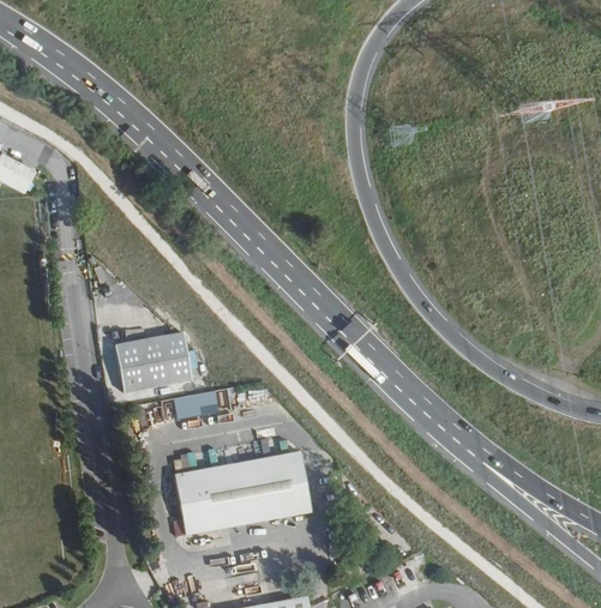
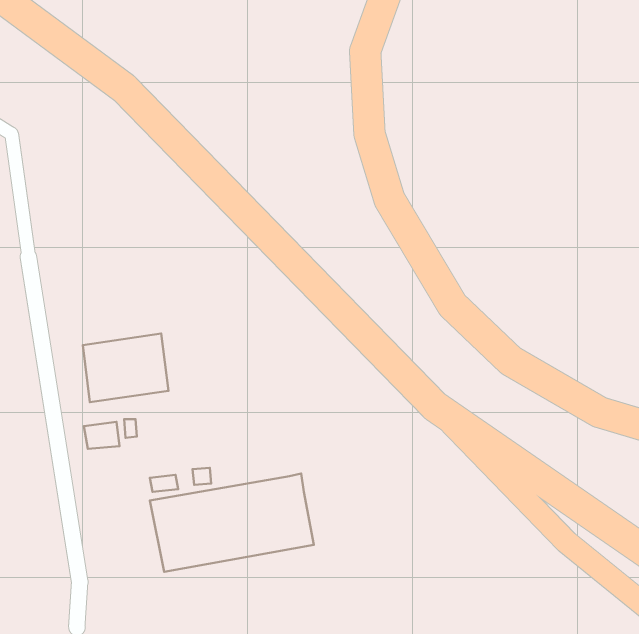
building: [175,393,205,416] -> [84,422,119,449]

